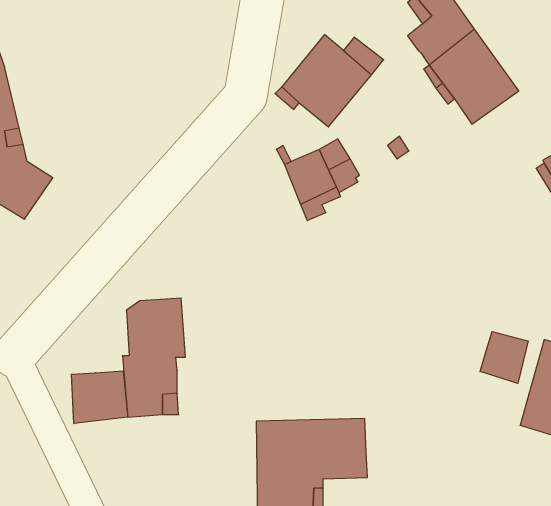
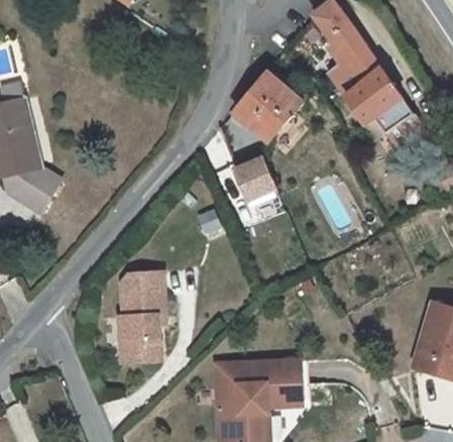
building: [480,332,528,383] -> none
building: [71,371,128,424] -> none

